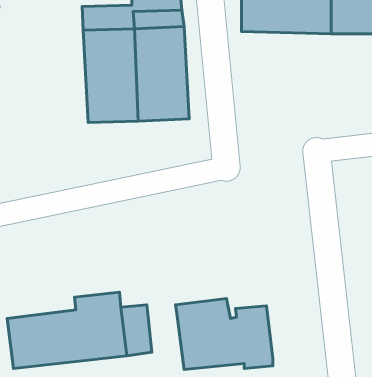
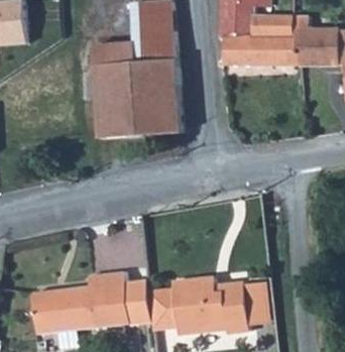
building: none -> [242,281,276,326]
building: none -> [146,289,175,331]

